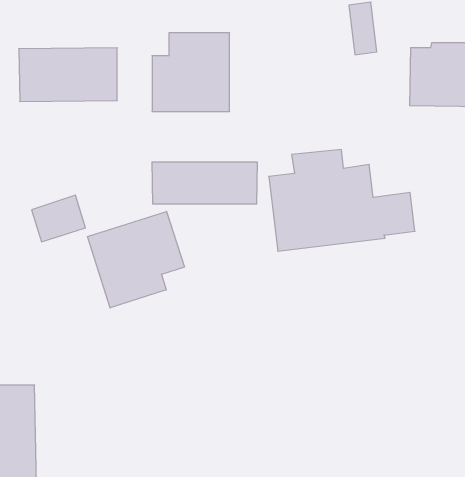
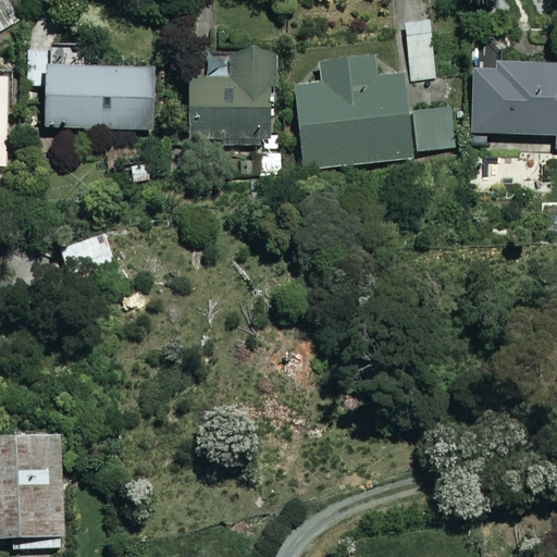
building: [269,150,415,251] -> [294,58,454,169]
building: [152,162,257,204] -> none
building: [87,211,184,308] -> none

